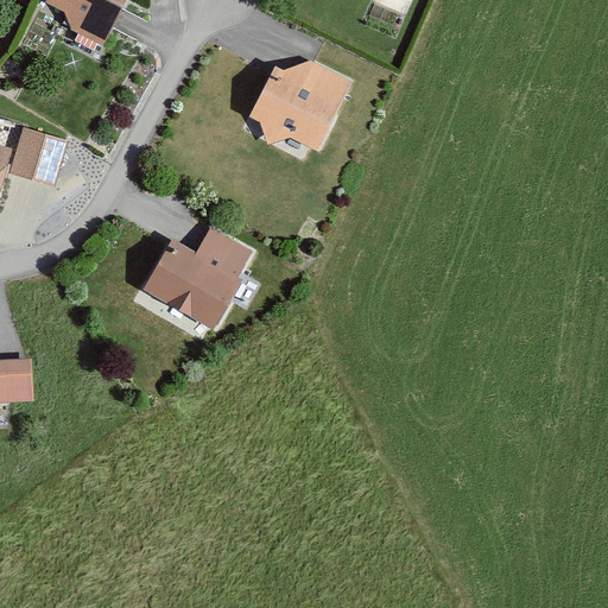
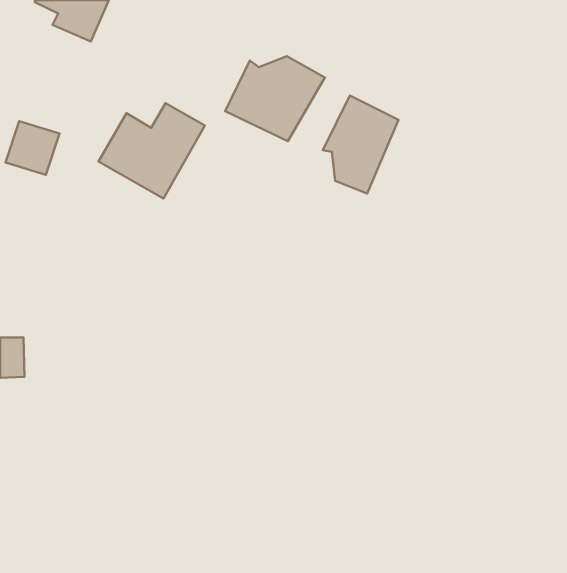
building: none -> [323,95,399,193]
building: [140,227,253,328] -> [98,103,205,199]

